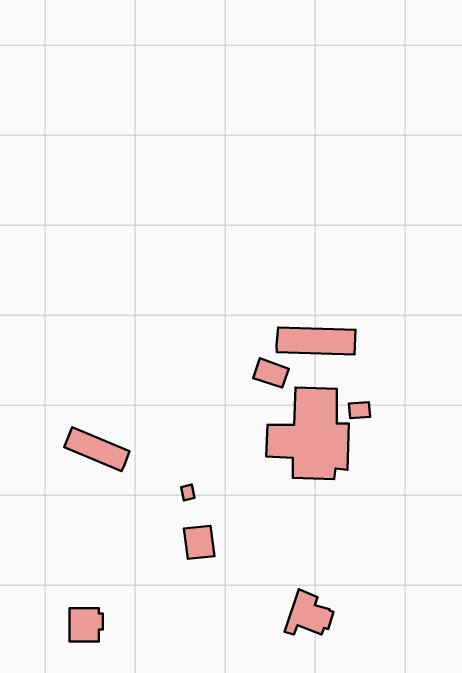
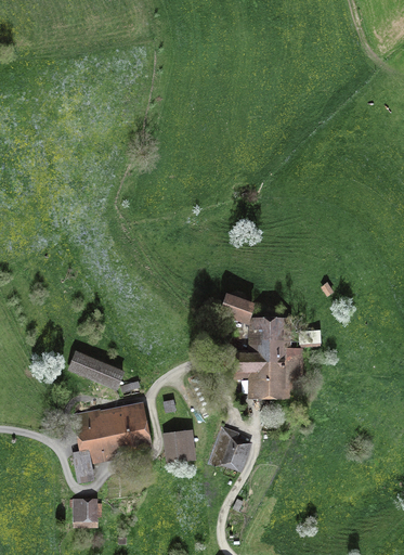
building: [277,327,356,355] -> none
building: none -> [74,405,147,481]
building: [284,589,334,634] -> [209,428,249,465]

